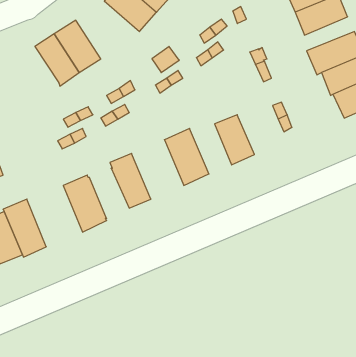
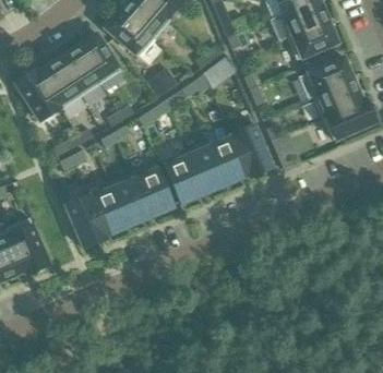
building: none -> [77,33,121,83]
building: none -> [15,69,61,120]
building: none -> [231,123,274,177]
building: none -> [187,141,227,193]
building: none -> [131,163,175,217]
building: none -> [91,188,129,236]

